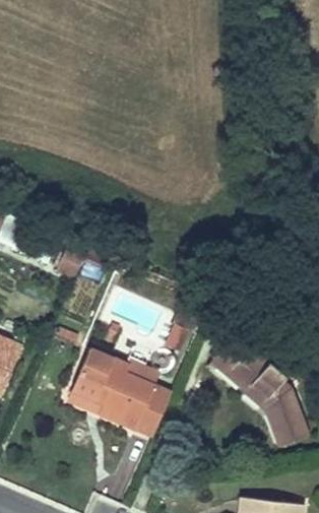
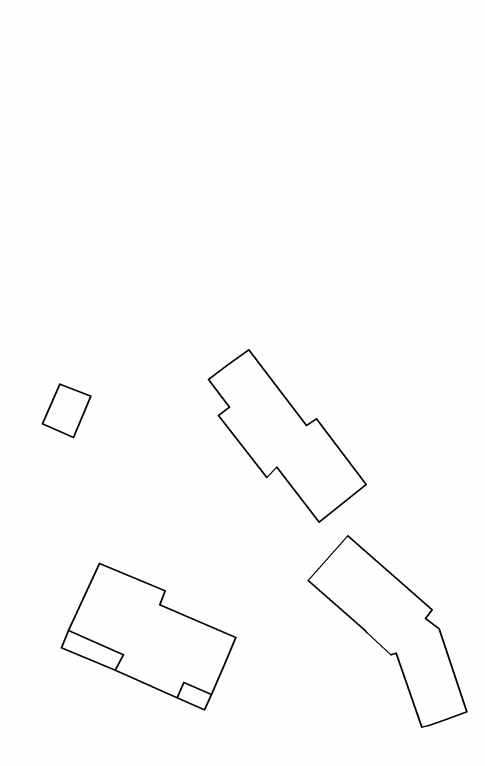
building: none -> [208,350,366,522]

